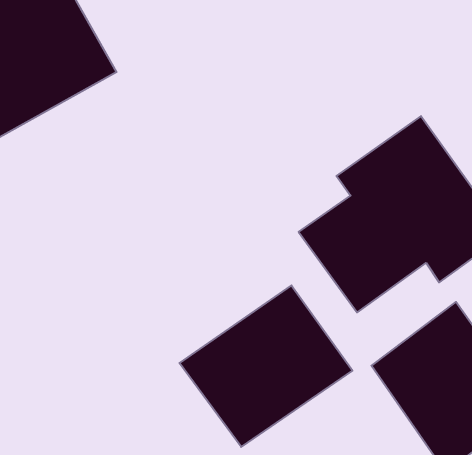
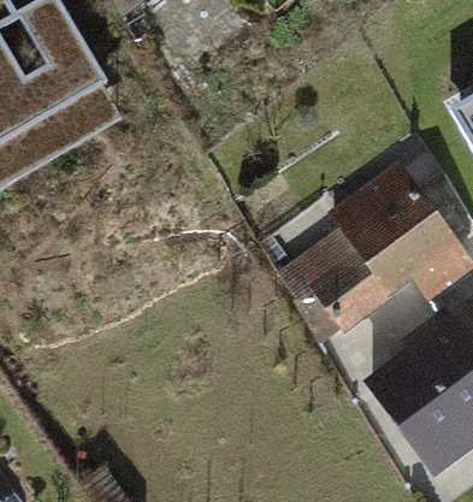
building: [179,285,352,447] -> none

